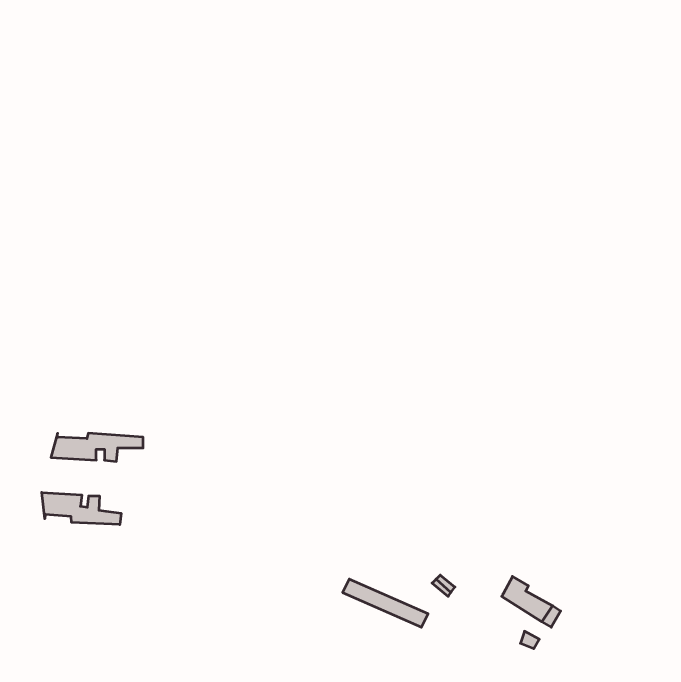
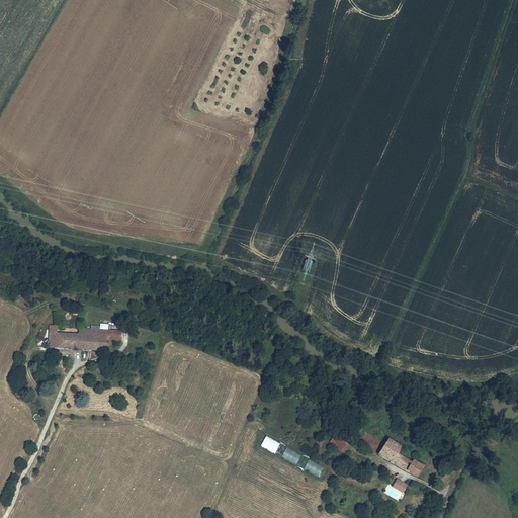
building: [42,492,121,525] -> none

